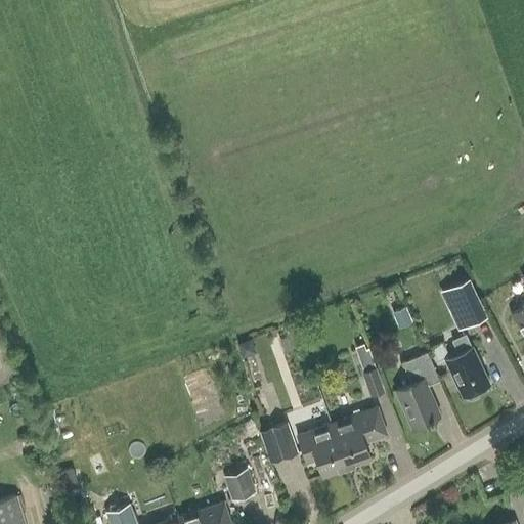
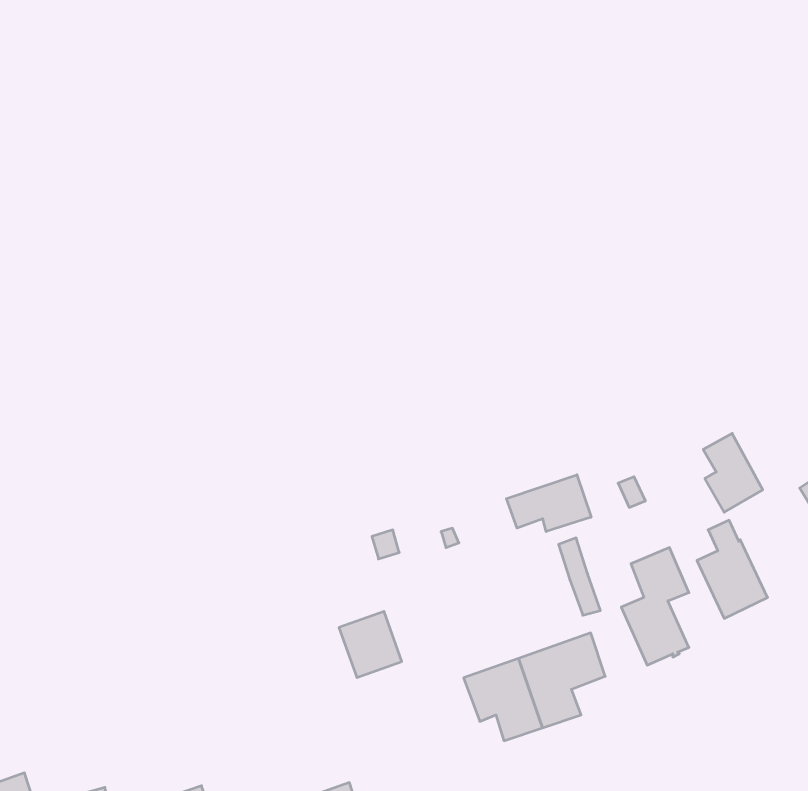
building: none -> [506,475,591,532]
building: [259,422,299,464] -> [339,611,402,677]
building: [224,469,256,500] -> none

